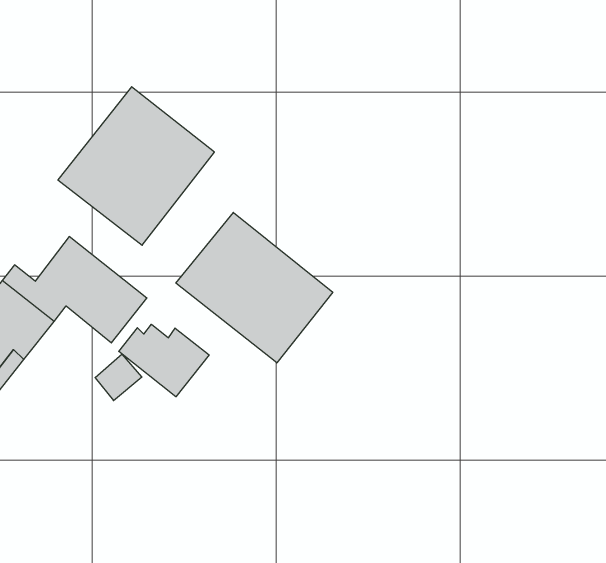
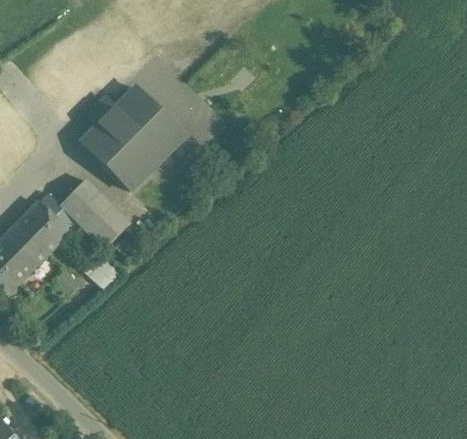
building: [176,212,333,363] -> none
building: [119,324,209,397] -> none

